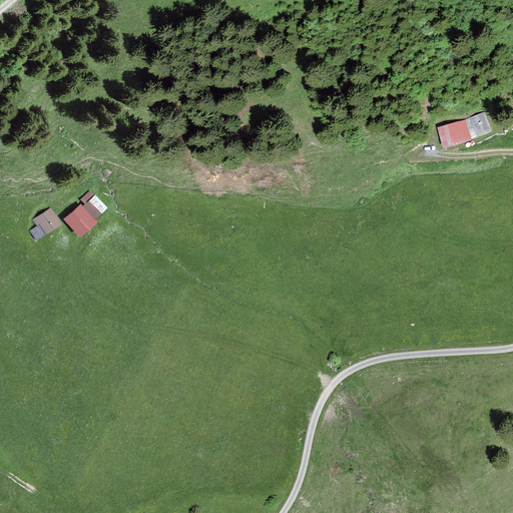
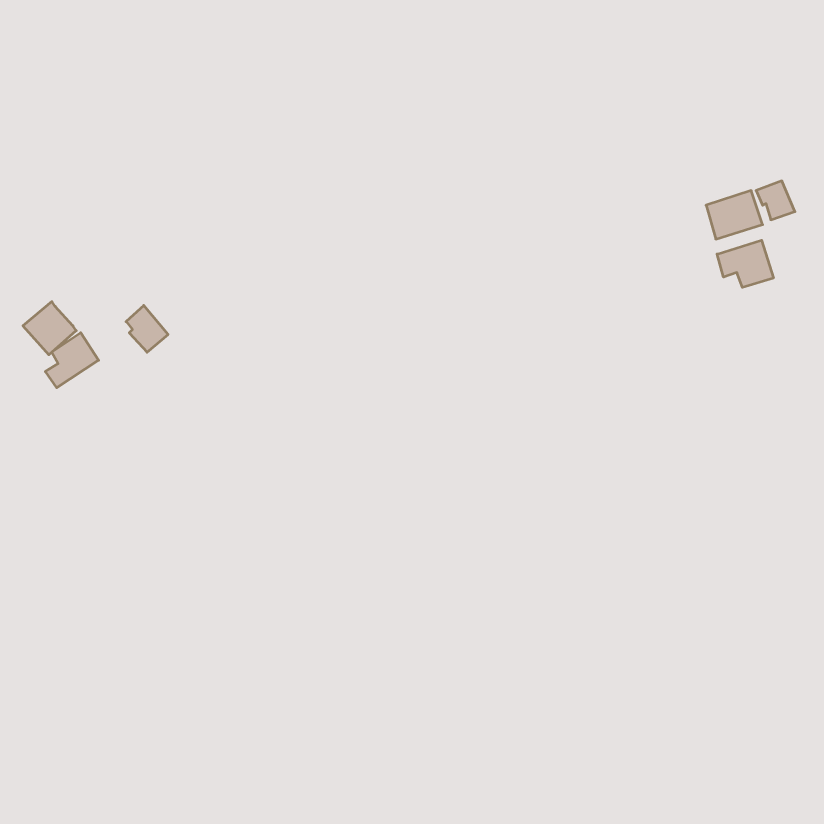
building: none -> [717,240,773,287]
building: [61,203,94,236] -> [23,302,76,355]

